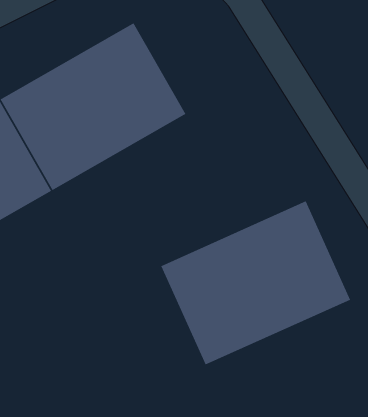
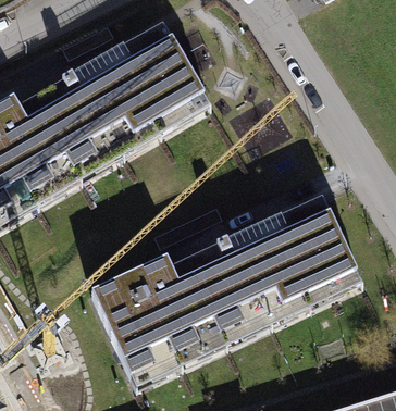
building: none -> [94,252,231,389]

